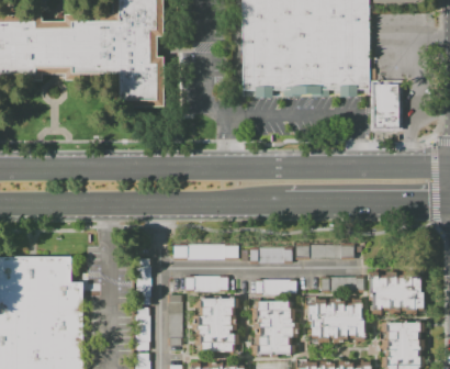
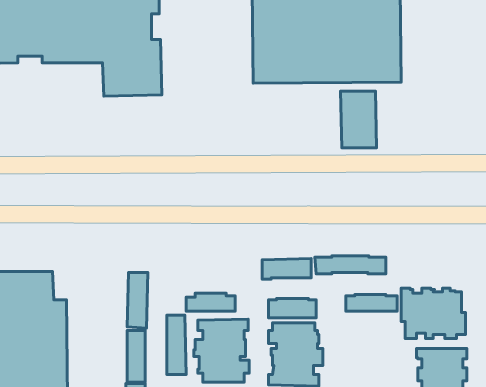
building: [370,82,401,131] -> [341,91,377,148]
building: [173,244,239,260] -> none
building: [312,300,368,345] -> none

